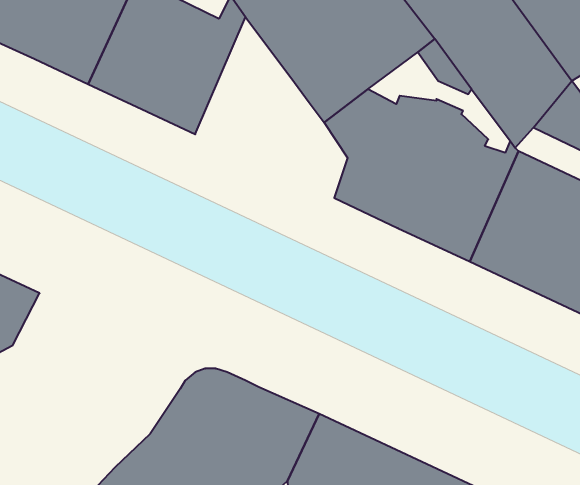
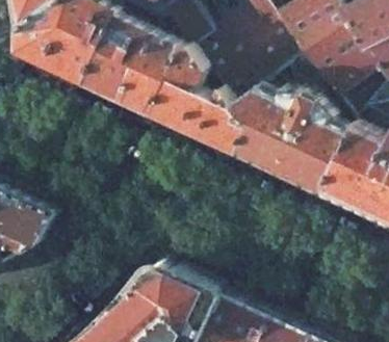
building: none -> [144,43,238,155]

